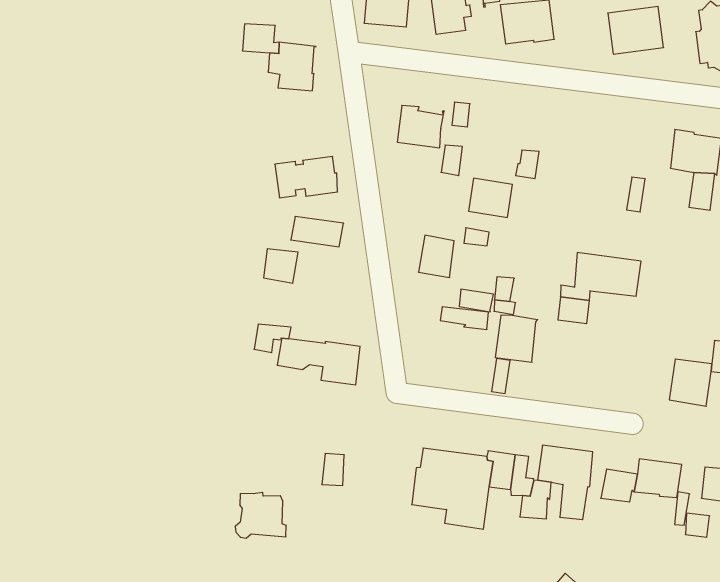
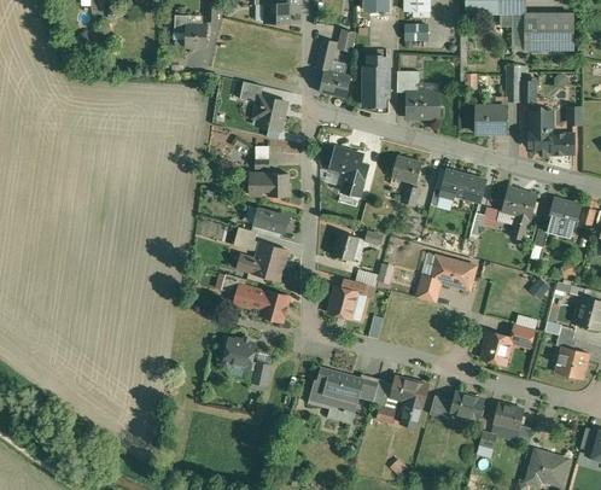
building: none -> [438,170,484,202]
building: [469,178,512,217] -> [391,156,421,183]
building: none -> [245,243,286,281]
building: [495,315,538,362] -> [327,286,357,319]
building: [235,492,286,538] -> [221,338,253,369]

